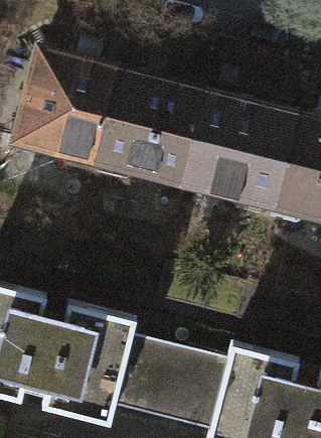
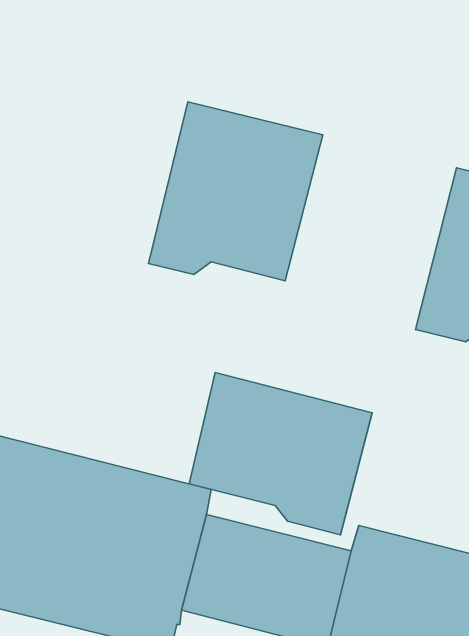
building: [18,52,123,175] -> none
building: [185,93,295,217] -> none
building: none -> [189,373,372,535]

